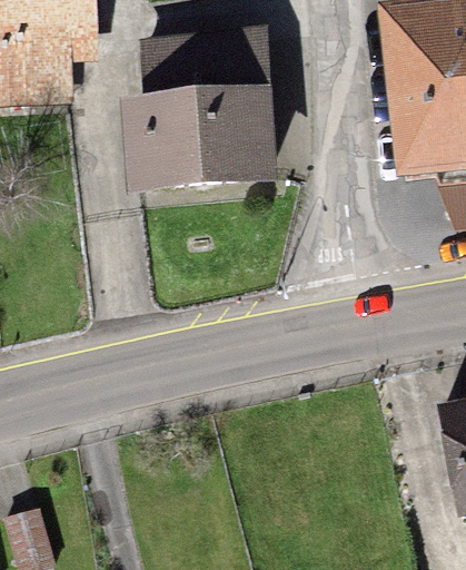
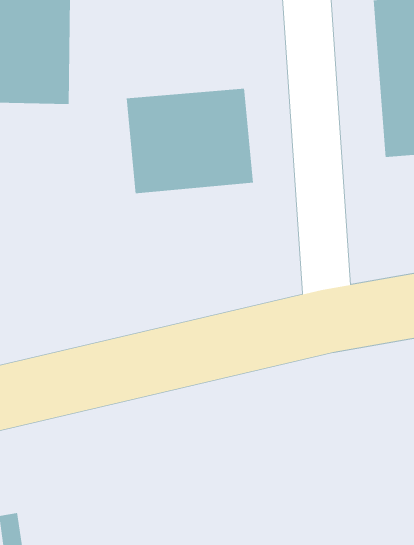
building: [135,37,260,102] -> none

